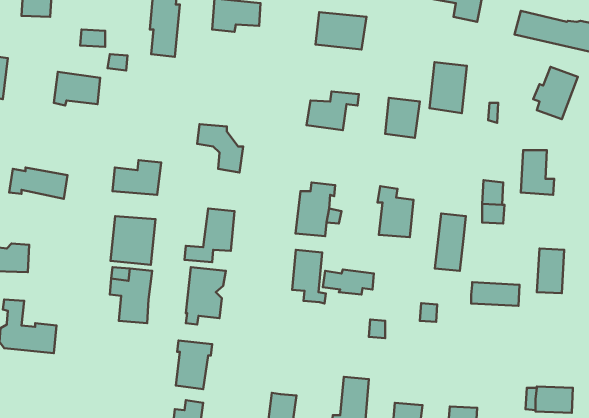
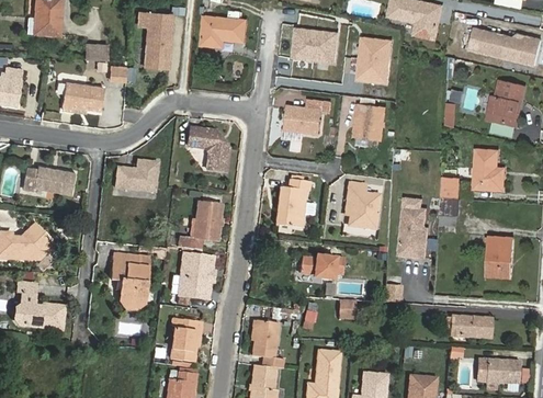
building: [429,62,467,113] -> [358,37,391,82]
building: [111,216,156,265] -> none
building: [292,250,326,303] -> [252,320,282,367]
building: [471,282,520,306] -> [450,316,493,337]

